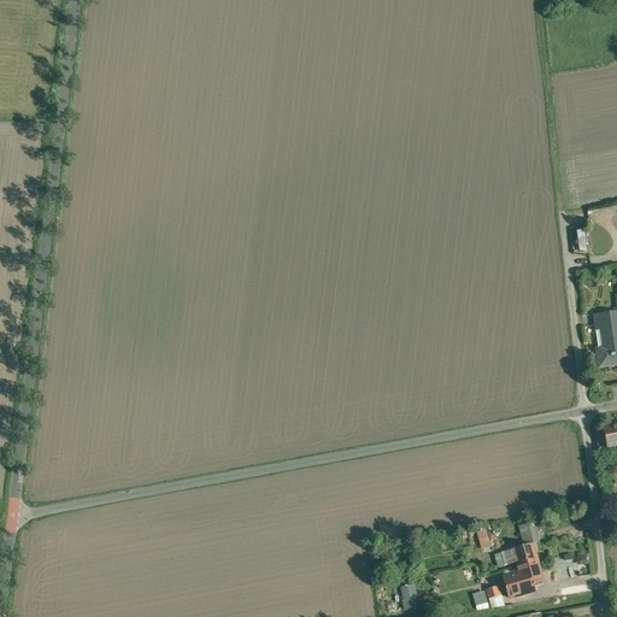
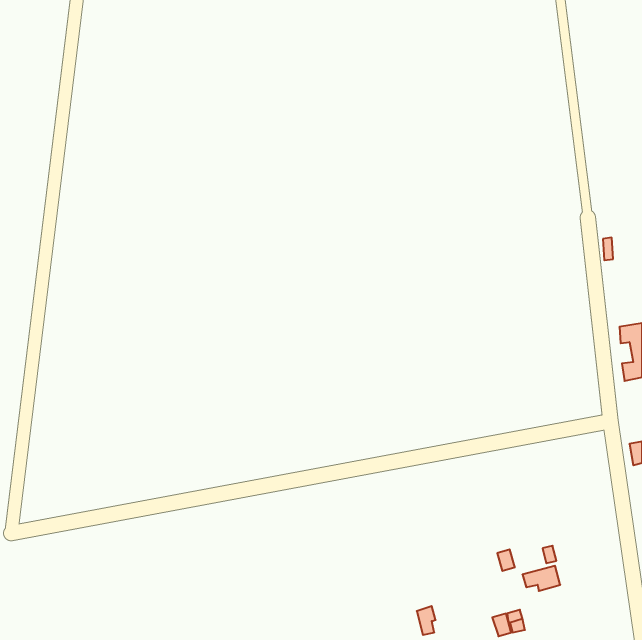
building: [503,560,542,597] -> none

